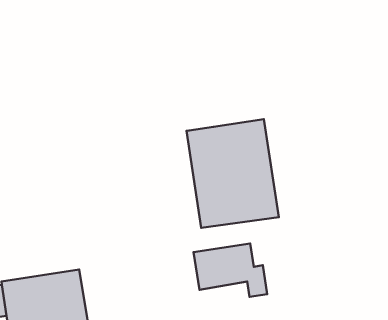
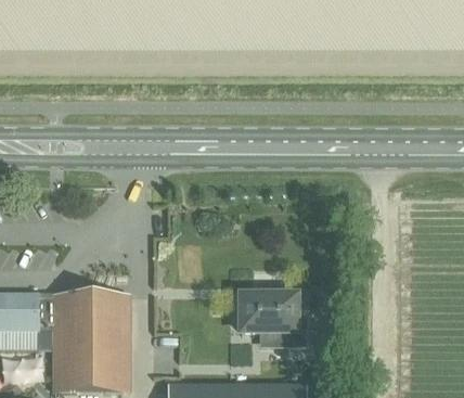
building: [186,119,279,228] -> none

